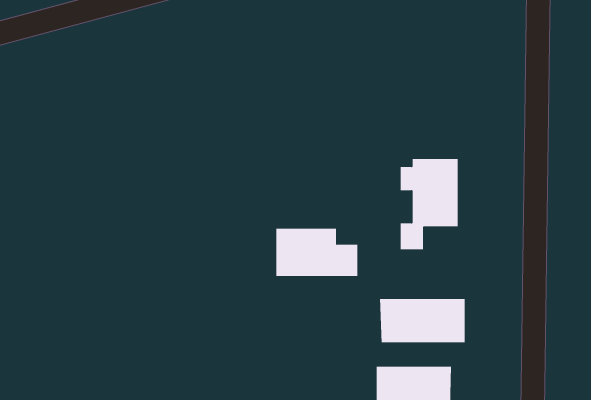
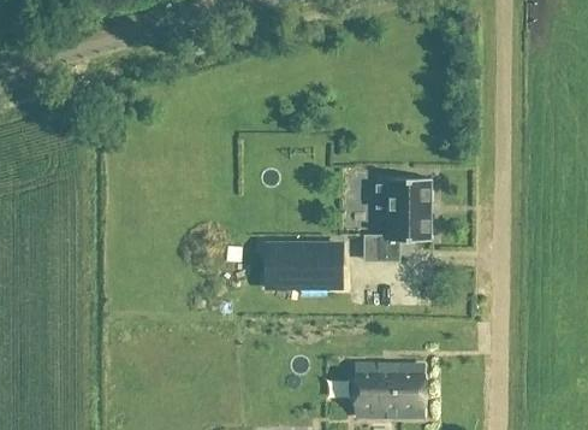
building: [380,298,465,343] -> none

